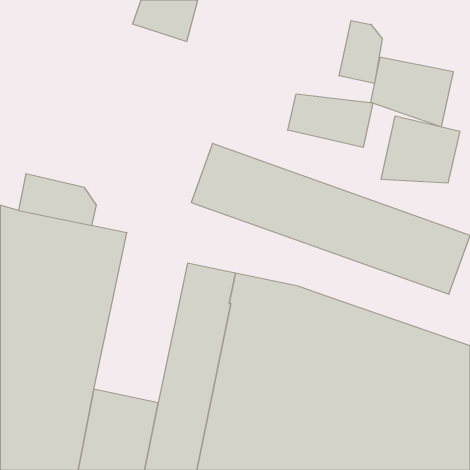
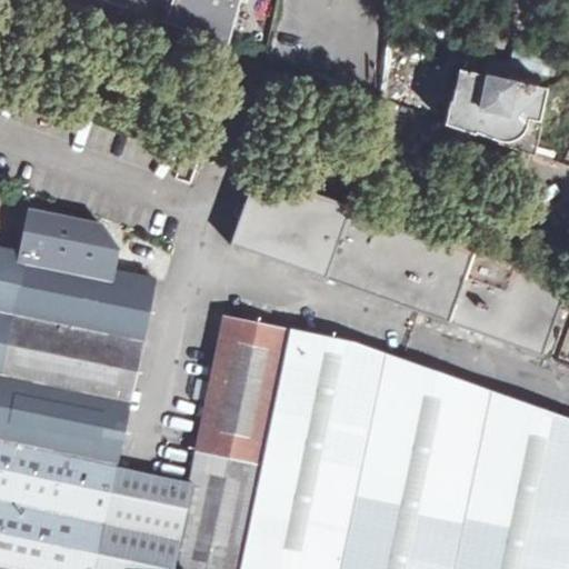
building: [339,21,382,83] -> none
building: [288,94,373,147] -> none
building: [381,116,460,183] -> none

